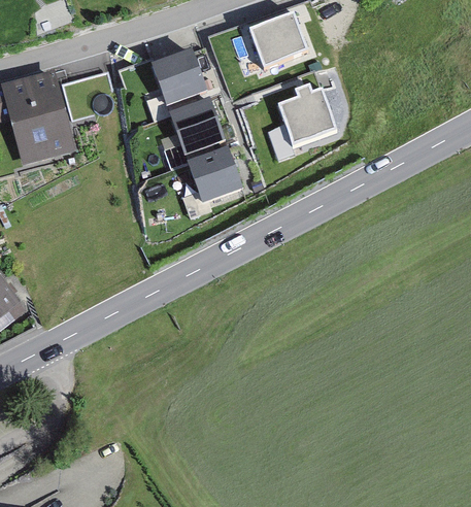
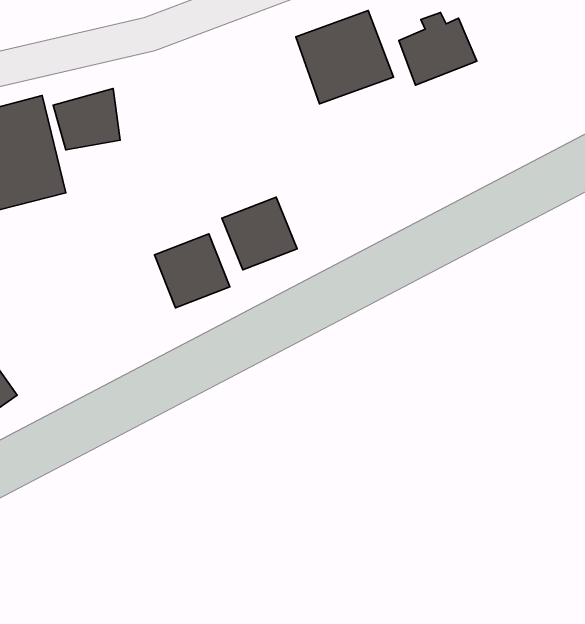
building: [149,50,206,107] -> none
building: [276,92,334,145] -> [399,13,477,85]
building: [167,98,223,153] -> [155,234,230,308]

